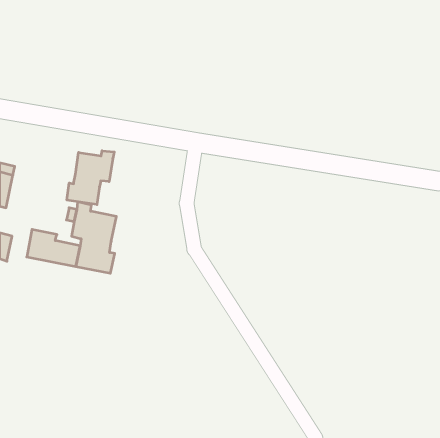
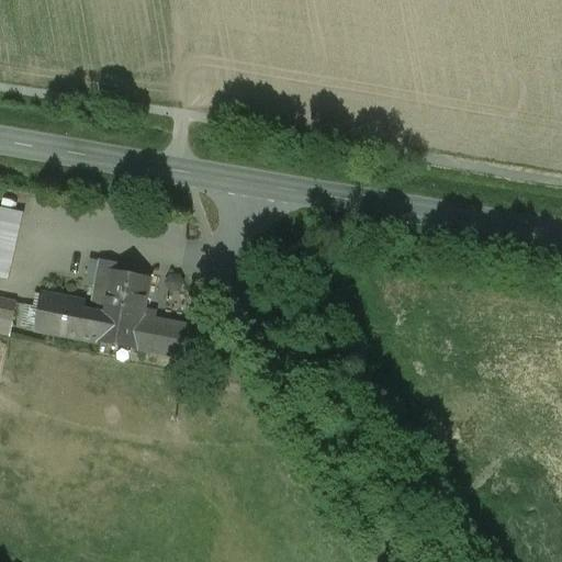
building: [67,151,114,205] -> none
building: none -> [139,307,187,356]

